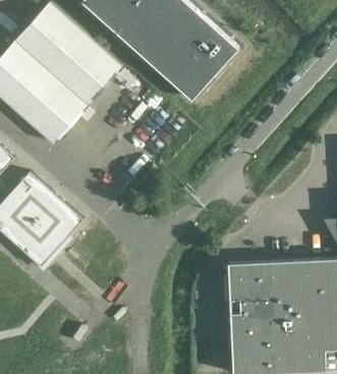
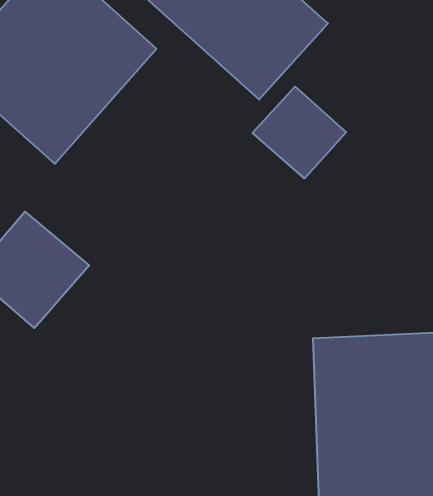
building: none -> [253,87,346,178]

